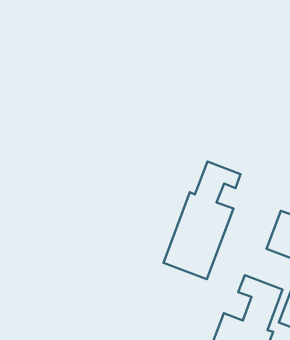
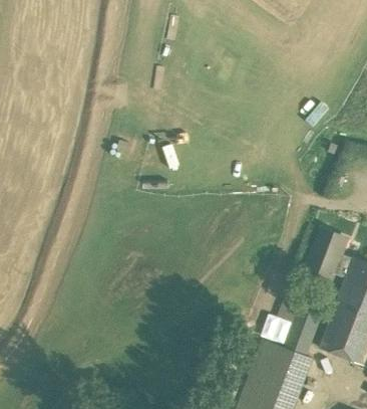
building: [163,162,241,279] -> none

